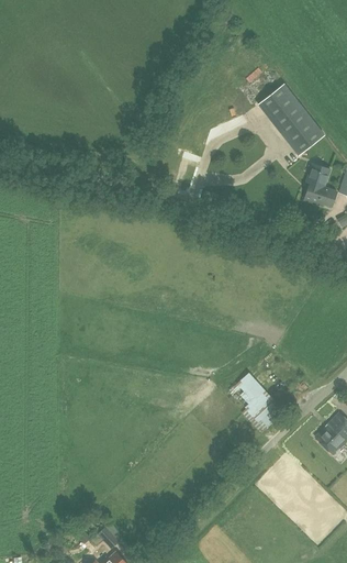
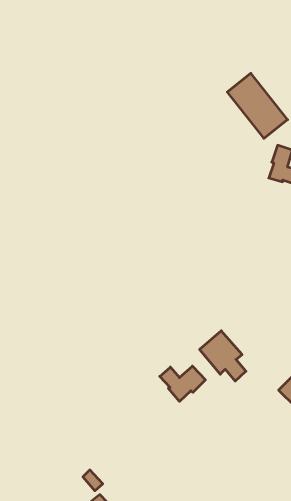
building: none -> [160,366,205,401]

